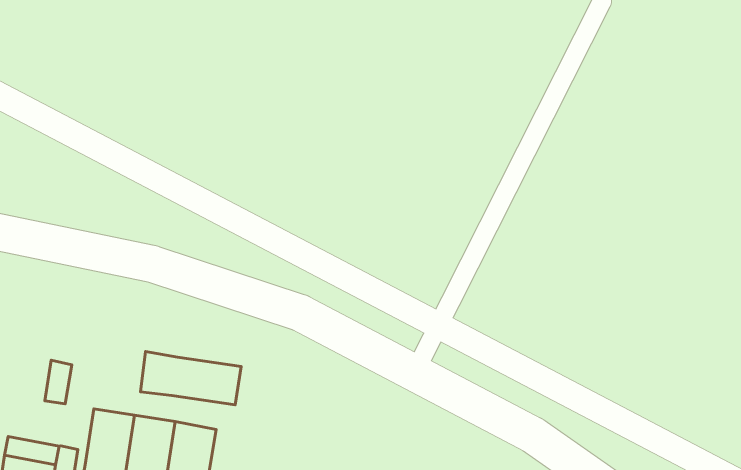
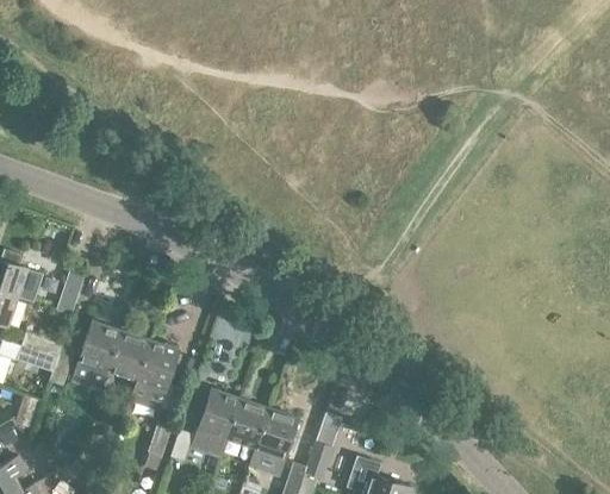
building: [141,351,241,405] -> none

